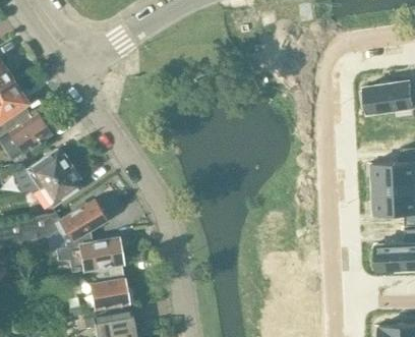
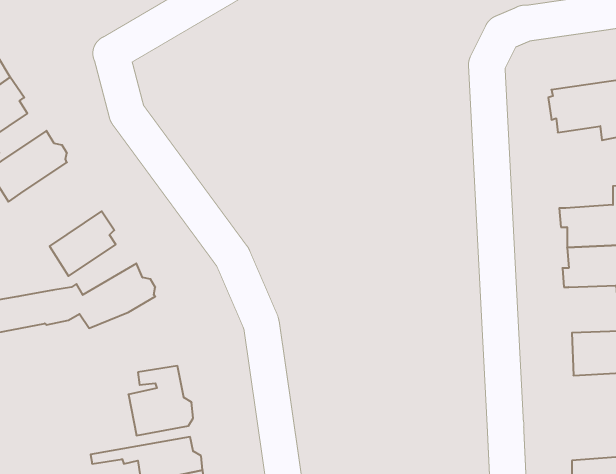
building: [25,150,72,188] -> none
building: [64,231,121,271] -> none

